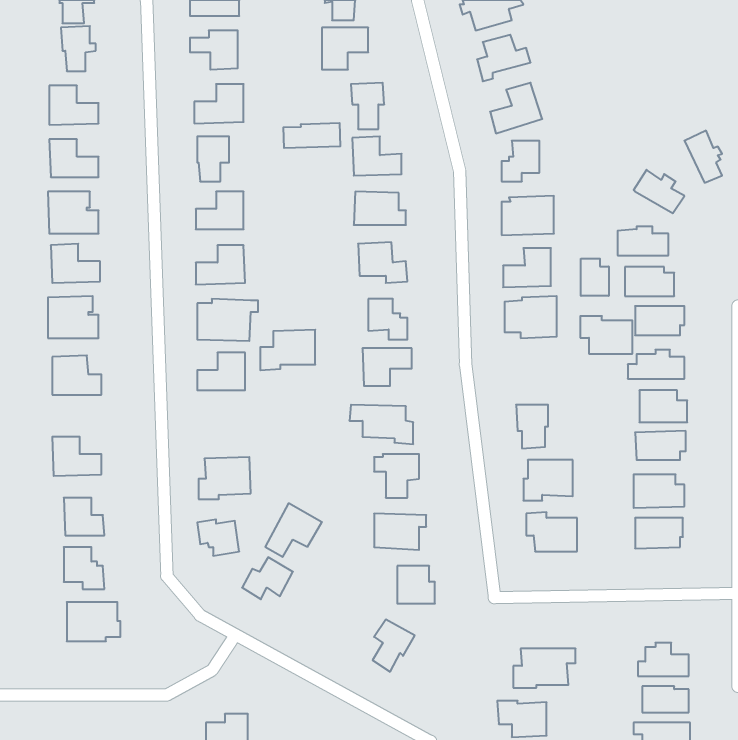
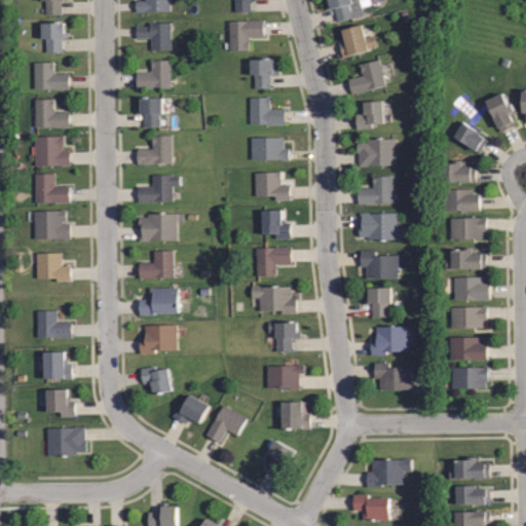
building: [283,123,340,148] -> none
building: [581,259,609,296] -> none
building: [580,316,632,354] -> [359,252,396,278]
building: [260,330,315,370] -> [141,288,180,316]
building: [265,503,322,557] -> [205,406,246,444]

